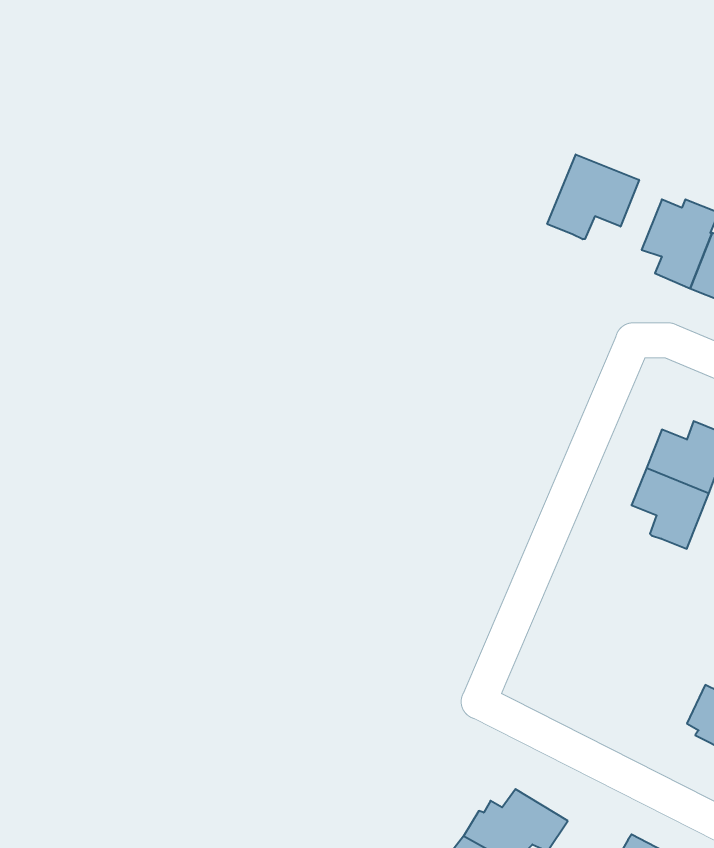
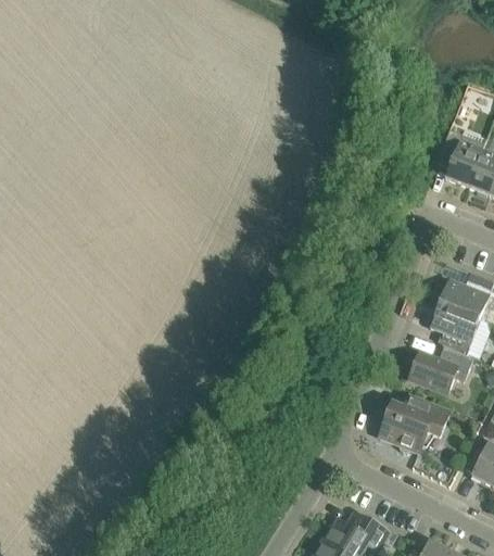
building: [547,154,639,239] -> none
building: none -> [409,349,473,394]
building: none -> [379,395,449,453]

